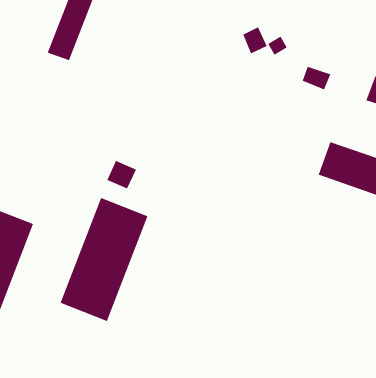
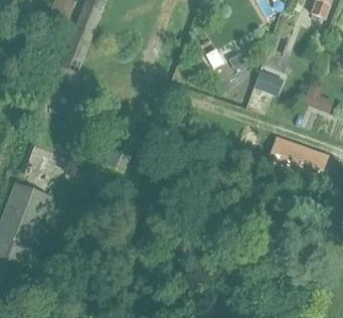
building: [60,197,148,322] -> none

